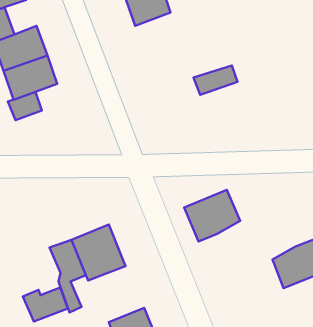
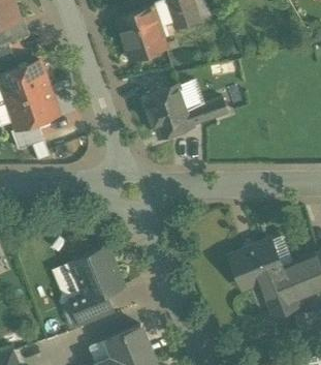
building: none -> [146,85,193,138]
building: [184,190,240,242] -> [230,240,283,288]
building: [23,288,68,322] -> [71,294,114,326]

